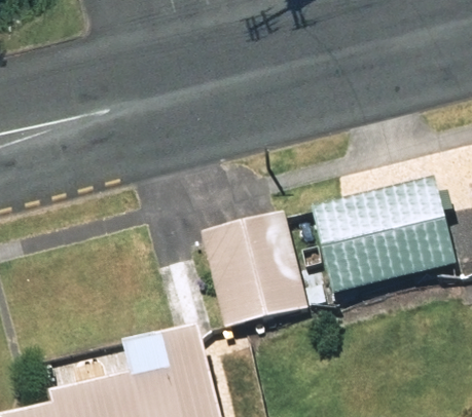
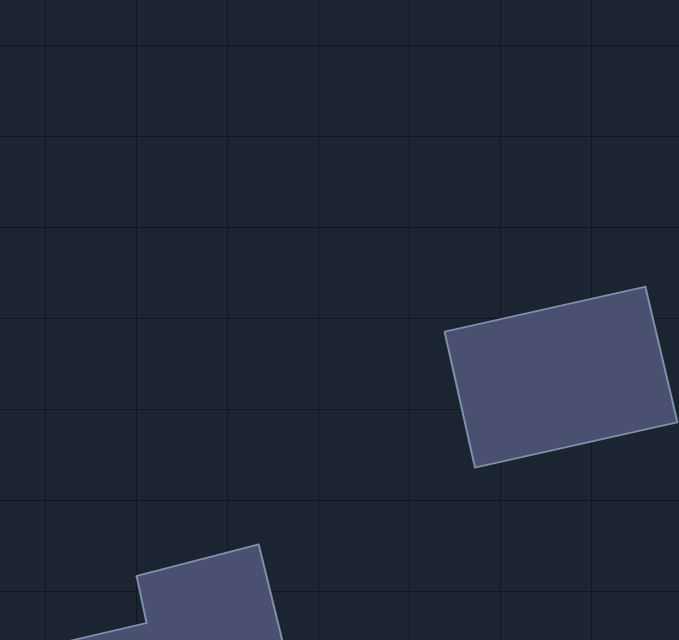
building: [204,208,307,324] -> none

